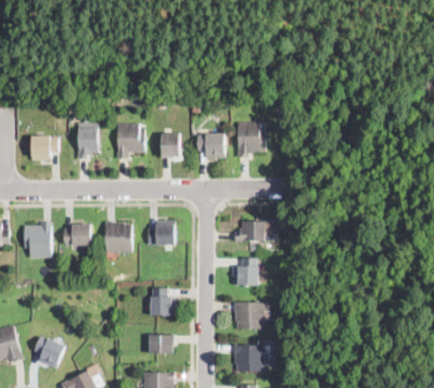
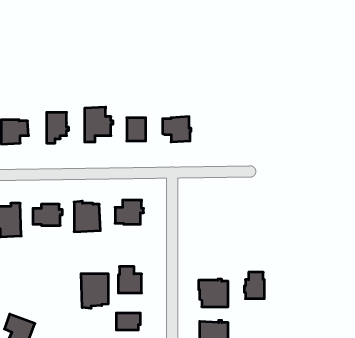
building: [237,122,266,158] -> none
building: [234,220,273,242] -> none
building: [238,258,258,285] -> [244,272,264,299]
building: none -> [81,274,108,308]

